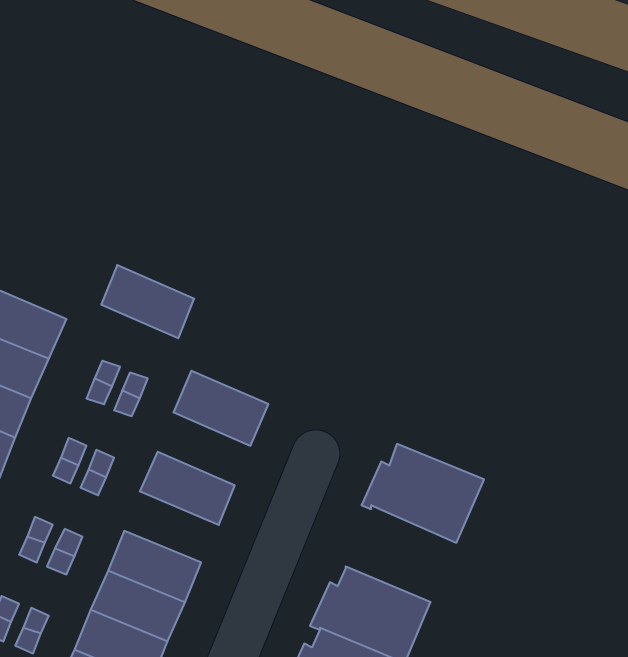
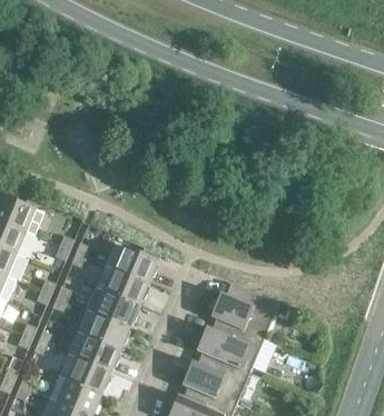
building: [101,265,194,338] -> [93,267,146,308]
building: none -> [75,311,128,351]
building: none -> [194,319,262,374]

